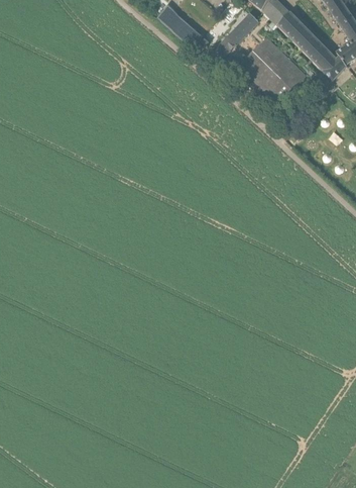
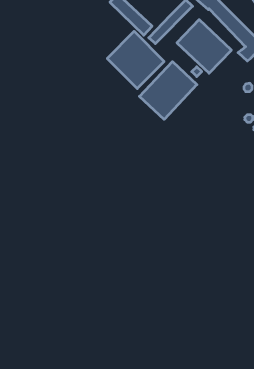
building: none -> [107,31,164,89]
building: none -> [139,62,197,119]

